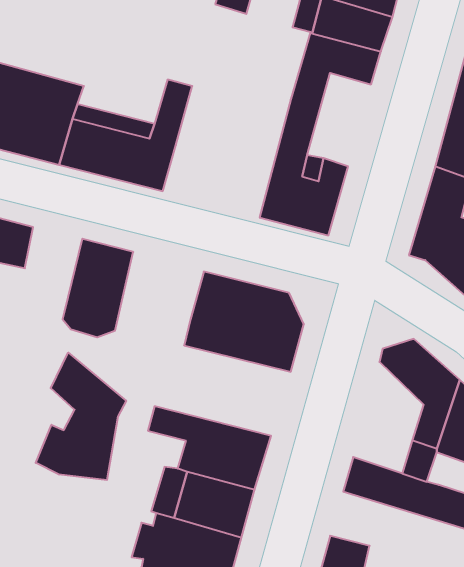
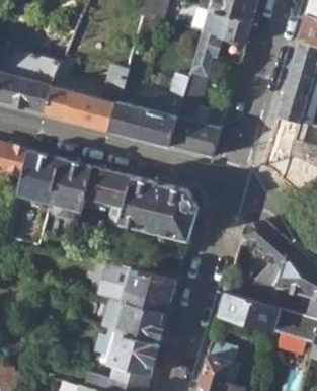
building: none -> [108,69,187,146]
building: none -> [18,152,59,205]
building: none -> [83,167,134,209]
building: [36,353,126,480] -> none

